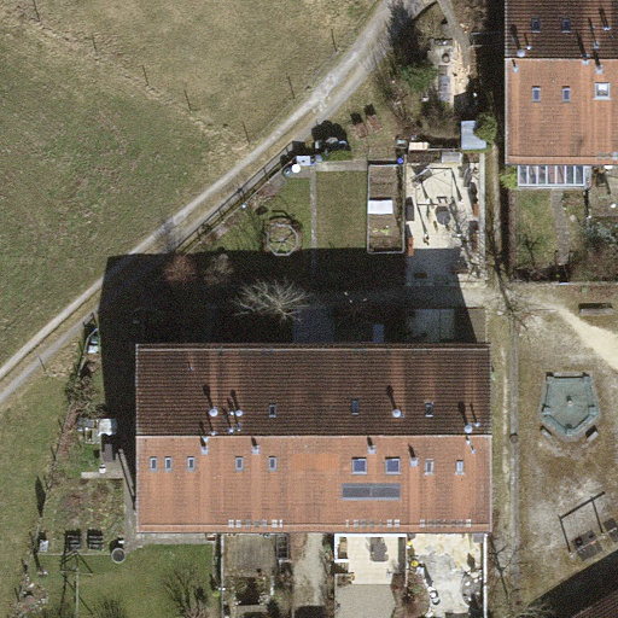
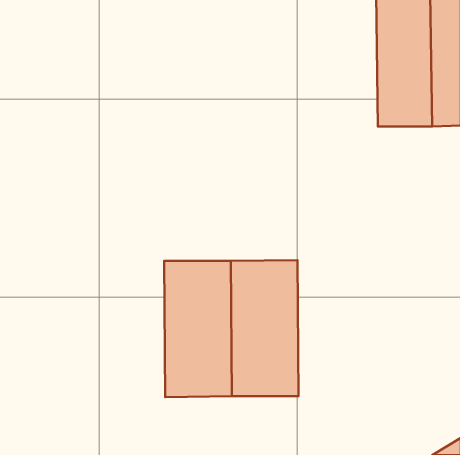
building: [400,346,490,530] -> none
building: [135,349,222,532] -> none

